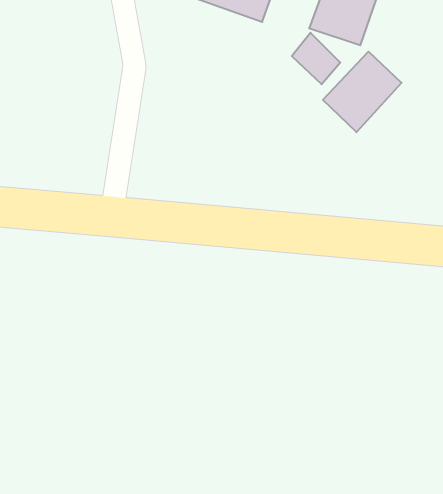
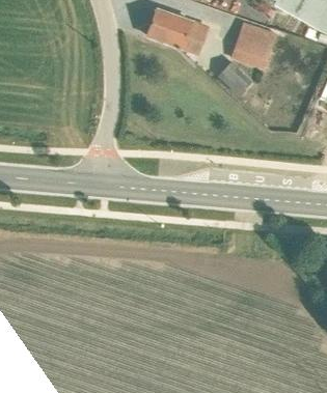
building: [323,52,402,132] -> none

